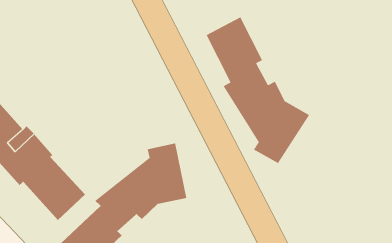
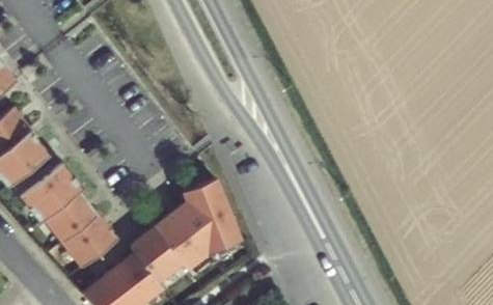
building: [206,16,310,164] -> none

